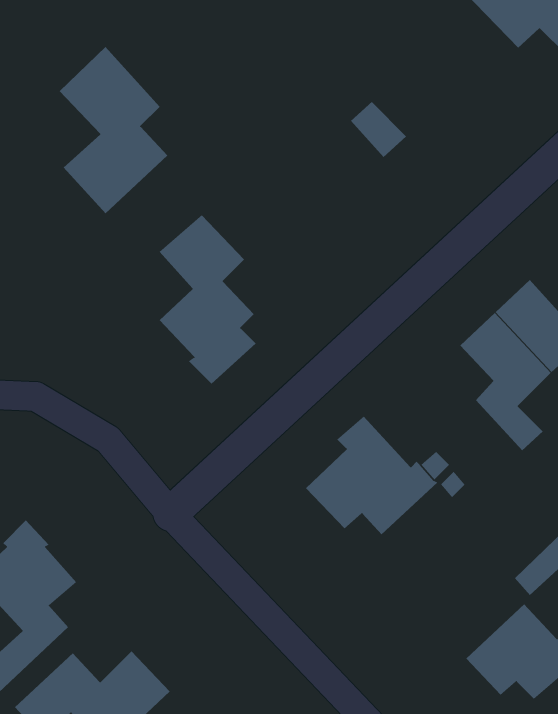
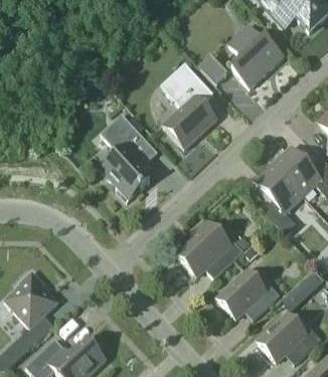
building: none -> [228,24,284,86]
building: [59,46,168,214] -> [161,61,217,148]
building: none -> [217,269,281,319]

